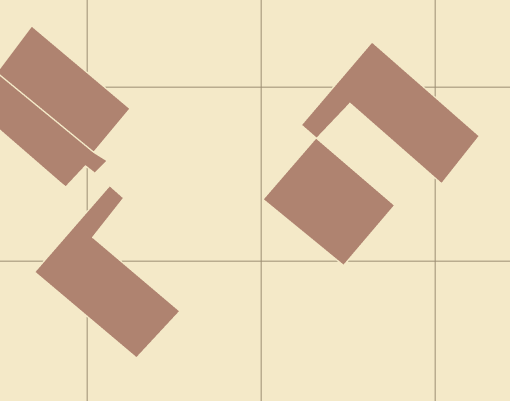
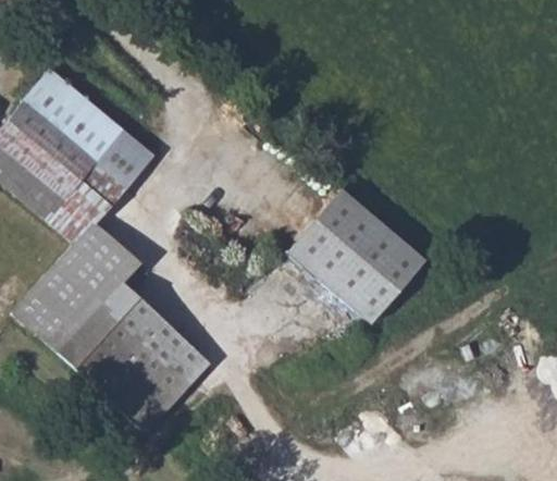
building: [301,42,480,184] -> none
building: none -> [20,219,127,330]

